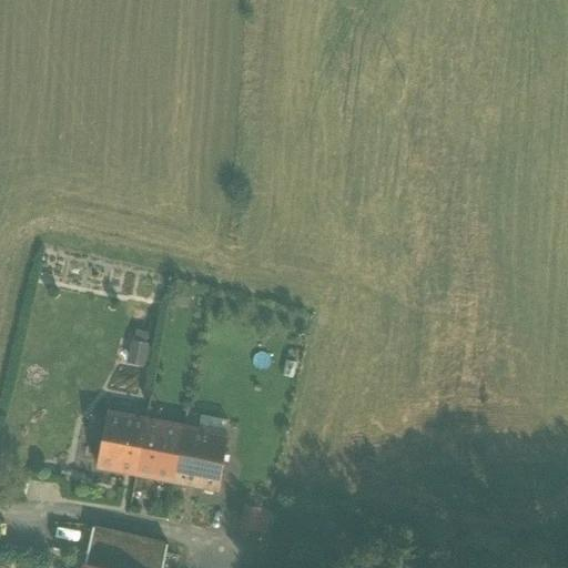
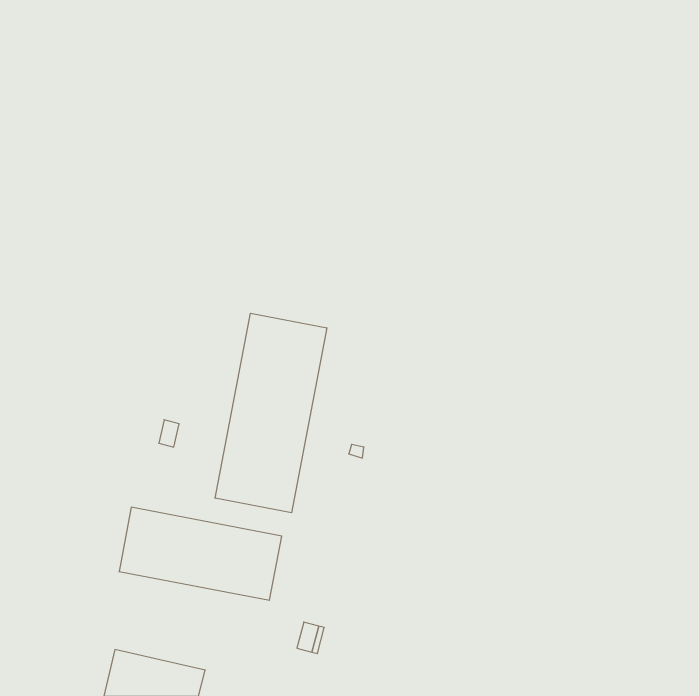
building: none -> [215,313,327,513]

